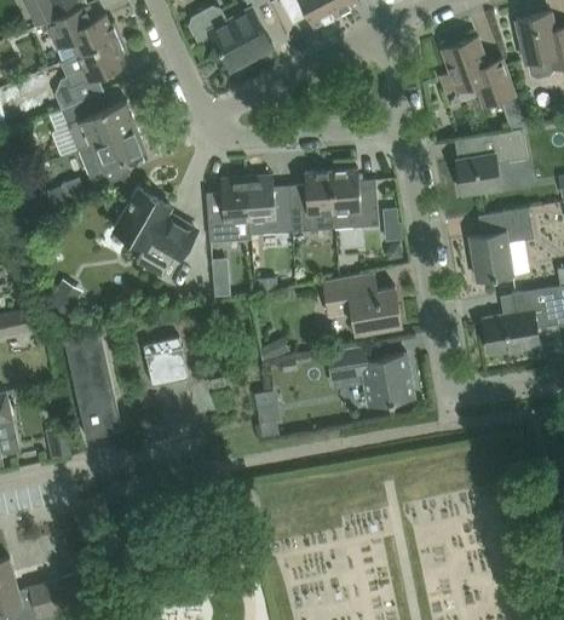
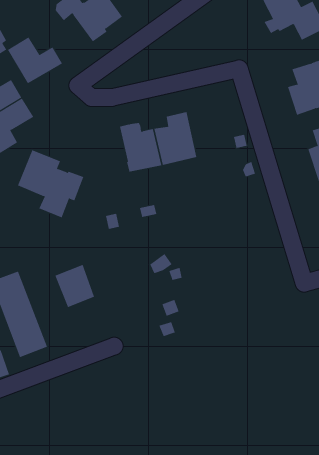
building: none -> [7,37,63,84]
building: [332,170,379,229] -> none
building: [206,178,251,242] -> none
building: [323,274,401,332] -> none
building: [327,345,414,406] -> none

